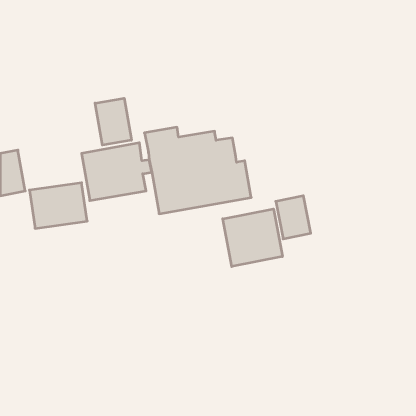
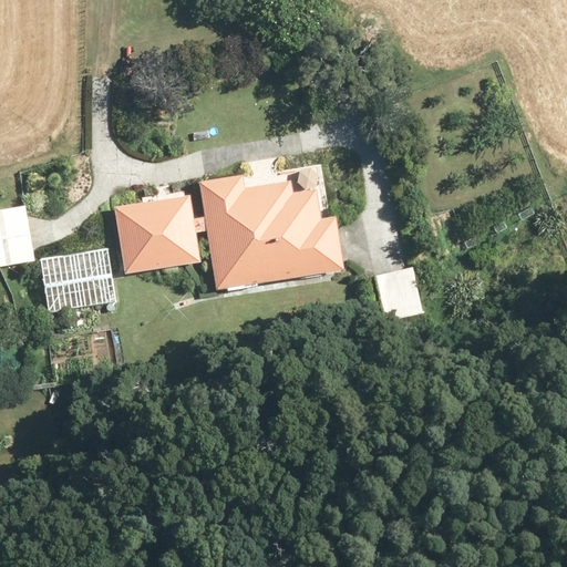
building: [95,98,131,145] -> none
building: [223,209,282,267] -> none

